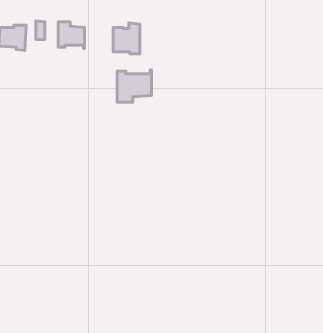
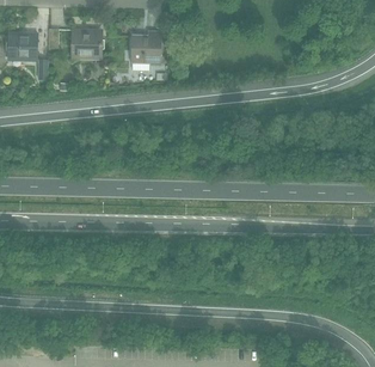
building: [117,70,151,102] -> none

